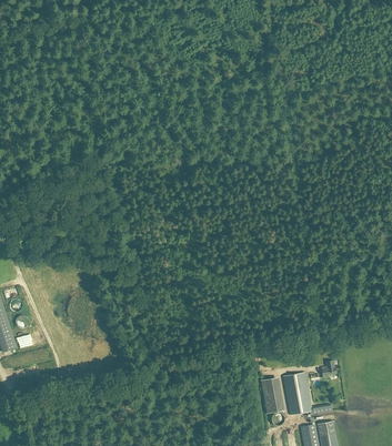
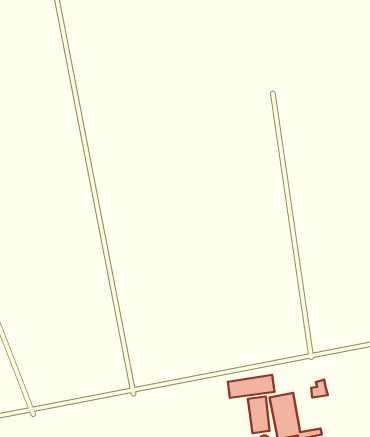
building: none -> [228,375,275,398]

